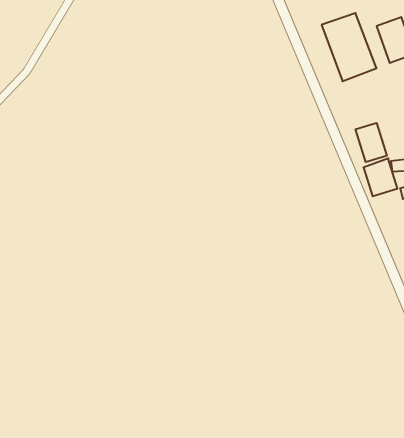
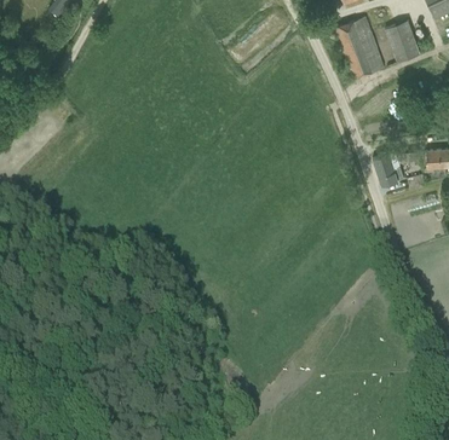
building: [356,123,387,162] -> none

